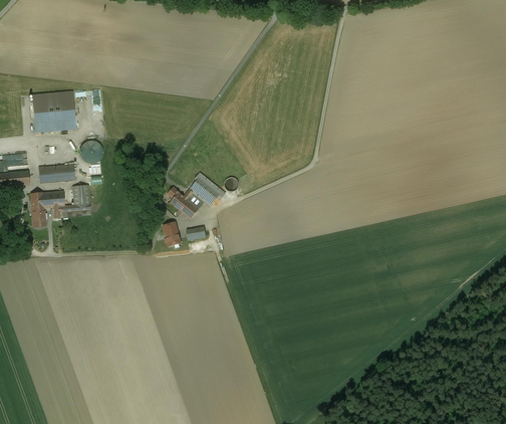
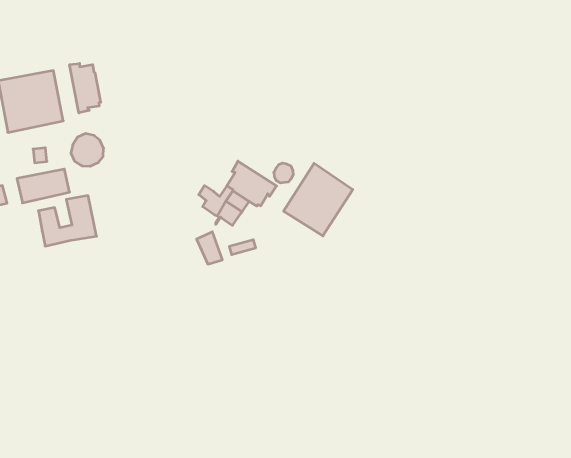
building: none -> [70,63,101,113]
building: none -> [284,163,353,236]
building: [30,192,51,227] -> none

